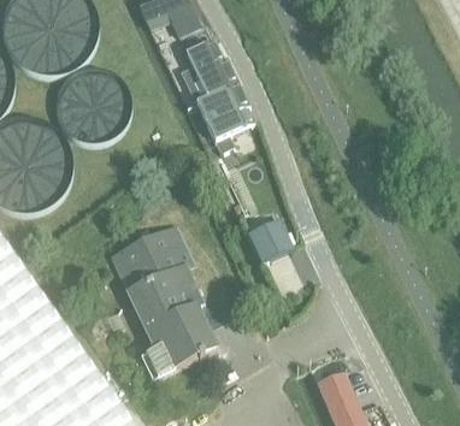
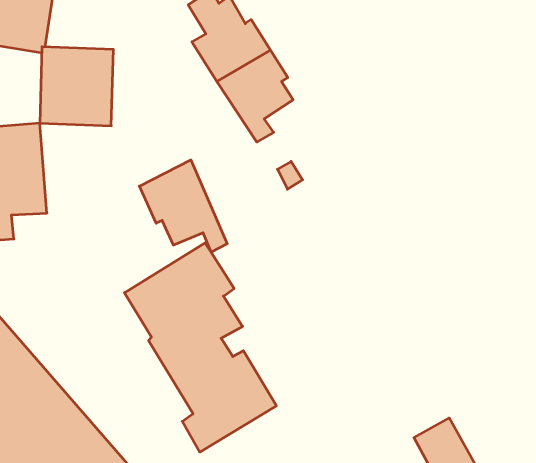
building: none -> [139,160,227,252]
building: [248,220,294,266] -> none

